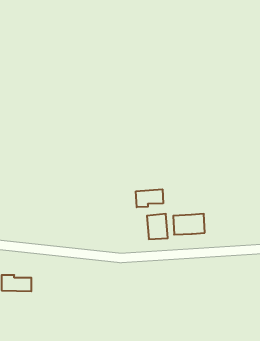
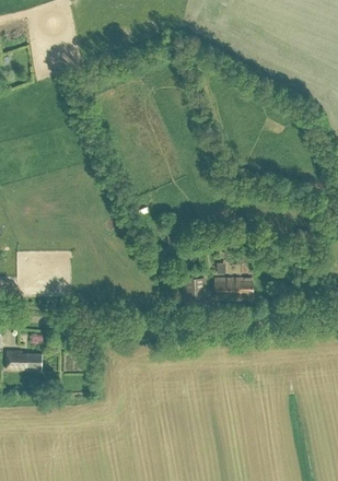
building: [136,189,163,207] -> none

